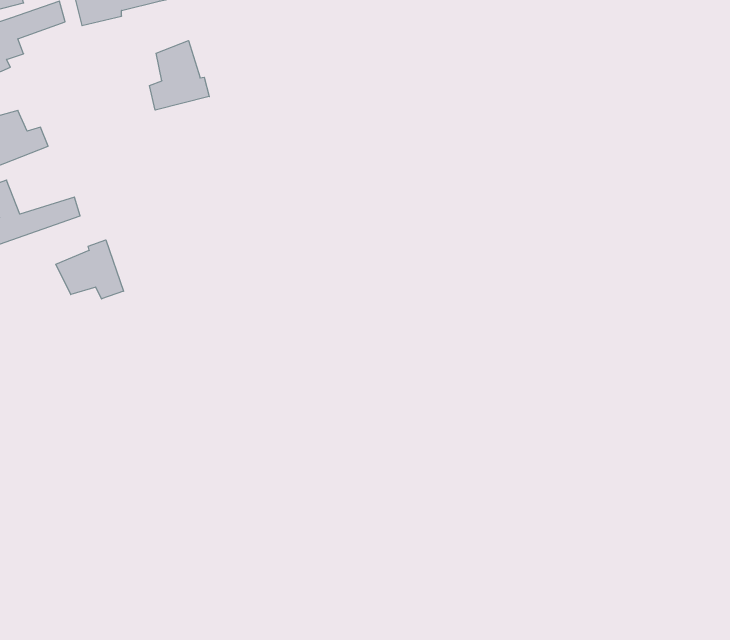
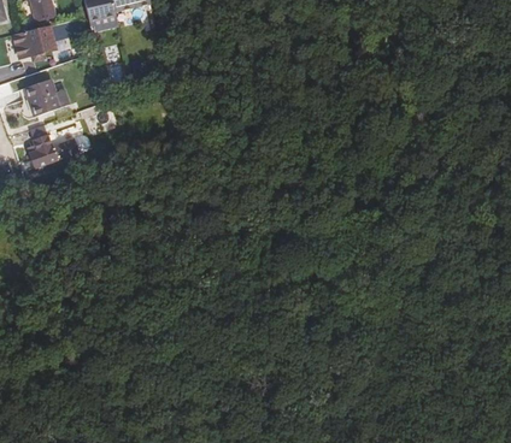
building: [149,41,209,110] -> none
building: [56,240,124,299] -> none

